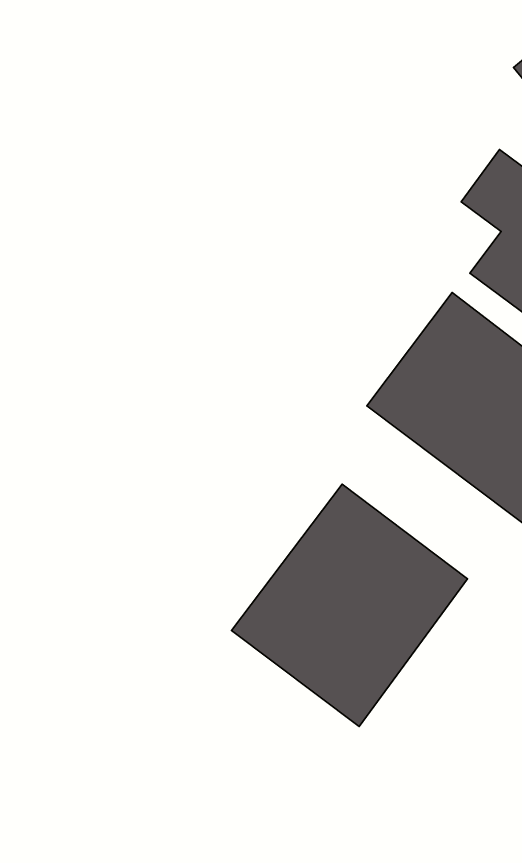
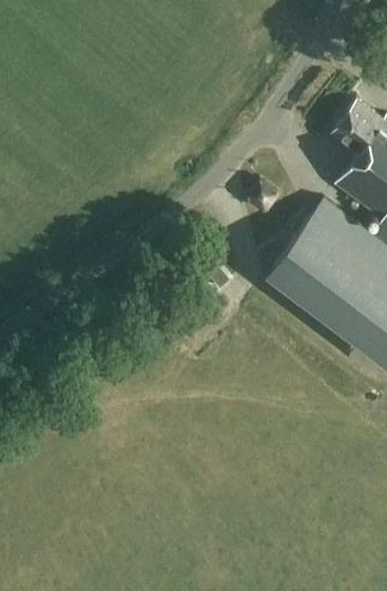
building: [232,484,467,727] -> none

